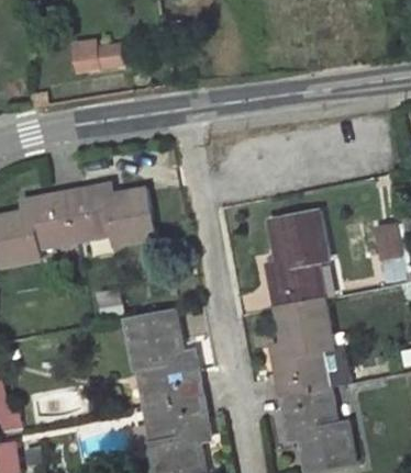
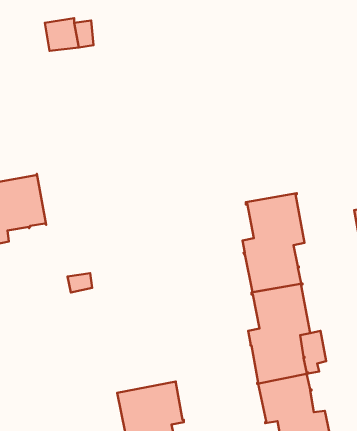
building: [66,184,154,244] -> none
building: [125,311,201,405] -> none

